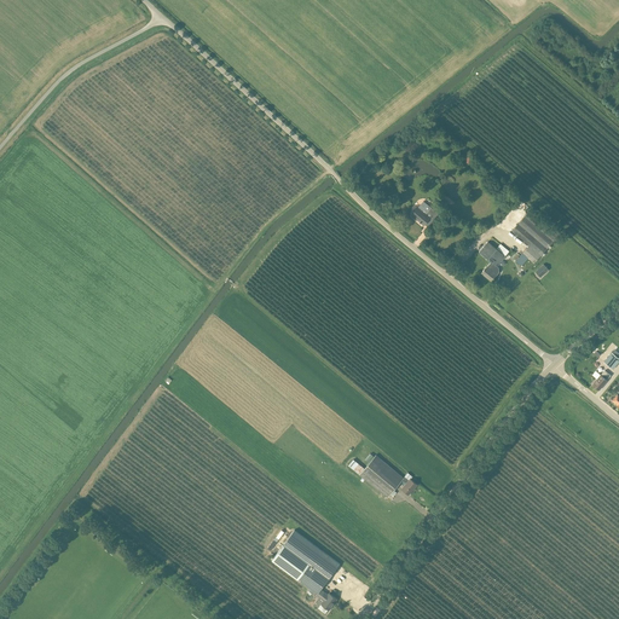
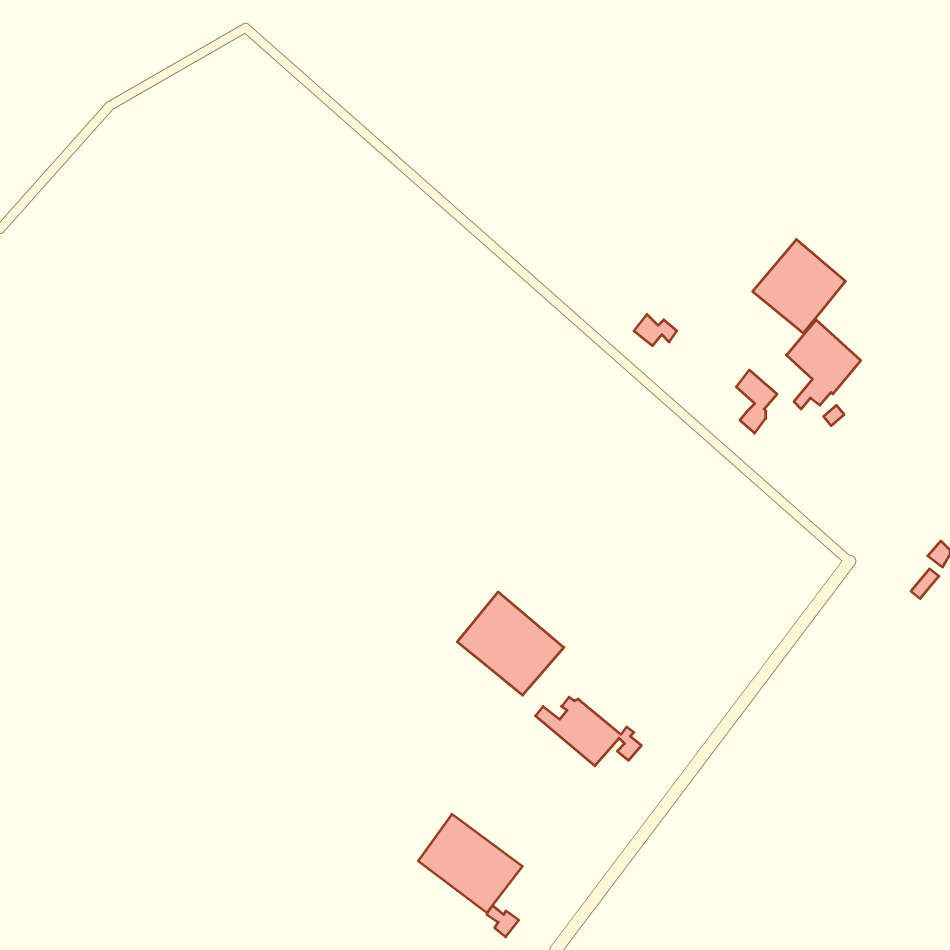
building: none -> [753,239,845,333]
building: none -> [457,592,564,695]

